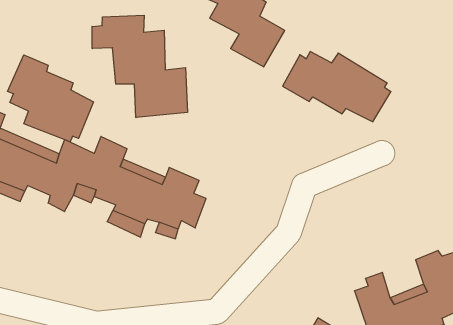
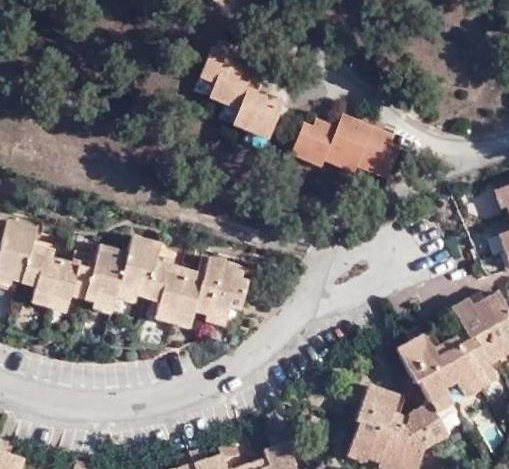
building: [92,15,187,118] -> none
building: [8,55,94,142] -> none

